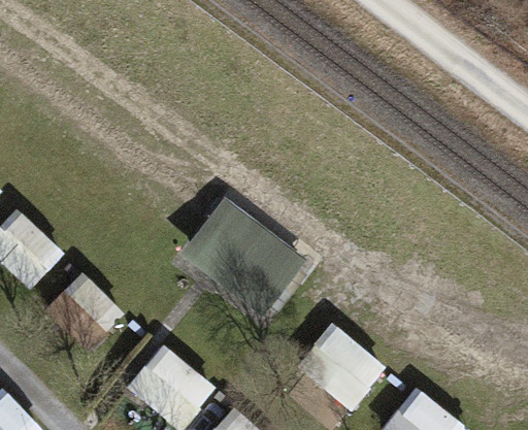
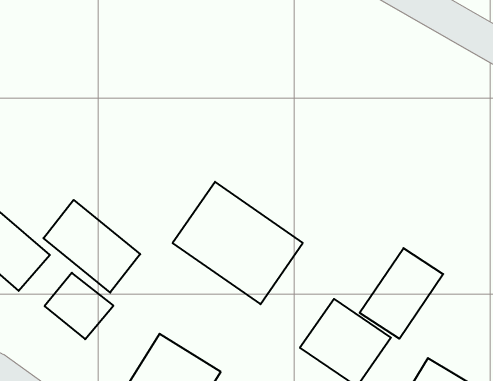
building: none -> [43,200,140,293]
building: none -> [360,248,443,339]

